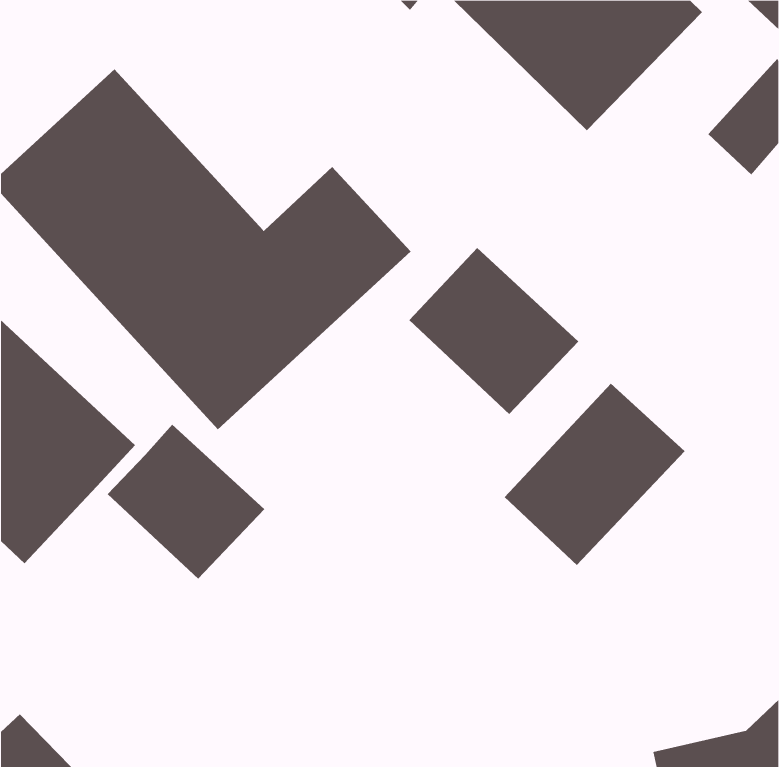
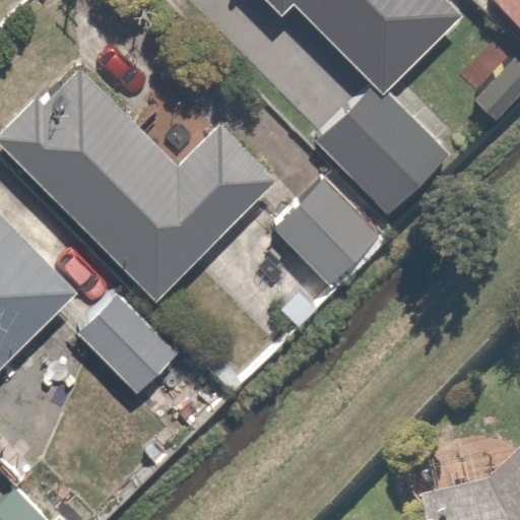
building: none -> [307,86,446,224]
building: [504,383,685,566] -> none

